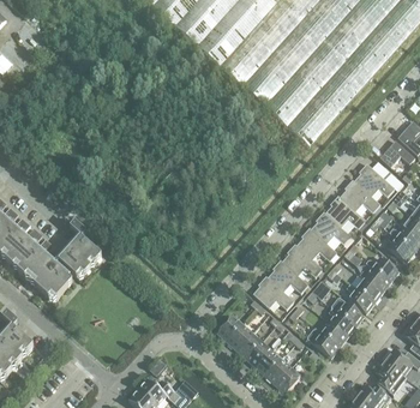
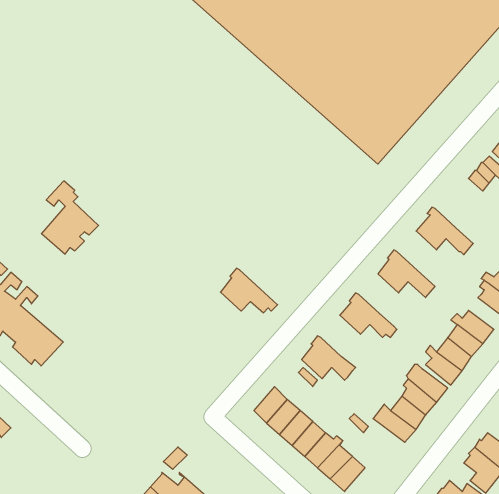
building: [353,162,394,196] -> none
building: [324,194,367,227] -> none
building: [58,221,101,276] -> [41,181,99,254]
building: [295,226,336,259] -> none
building: [266,258,310,292] -> [220,268,278,313]

